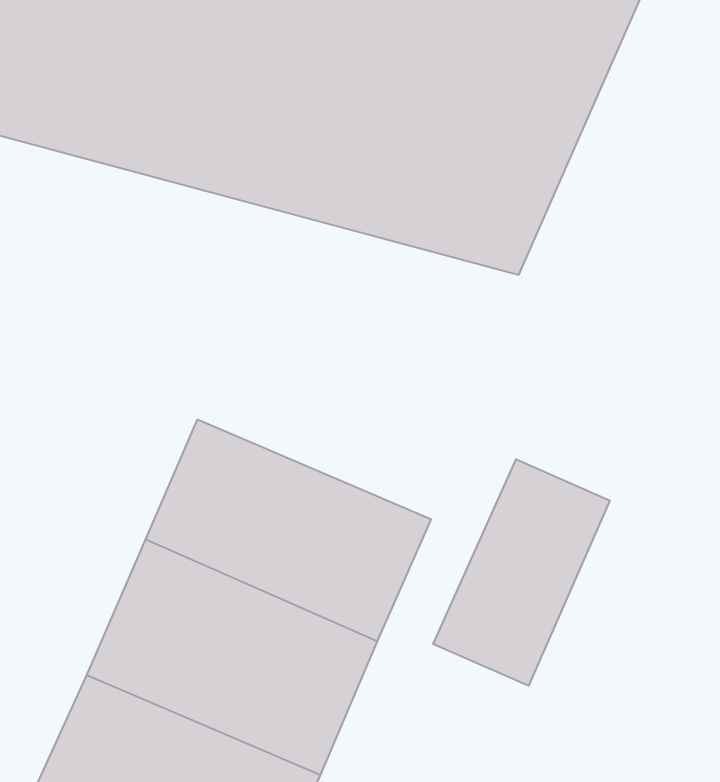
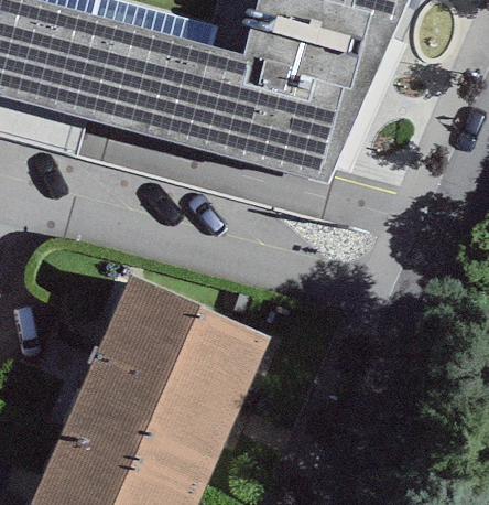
building: [433,459,610,686] -> none

